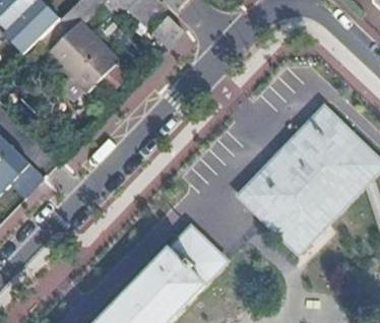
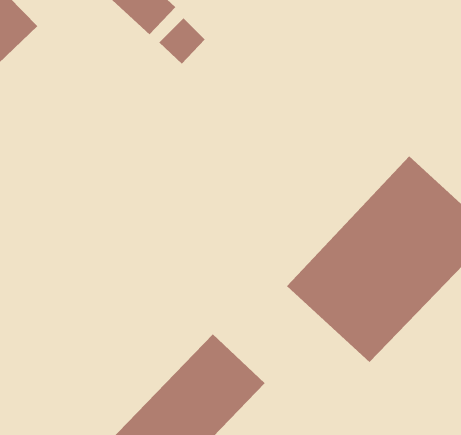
building: [45,16,123,94] -> none

